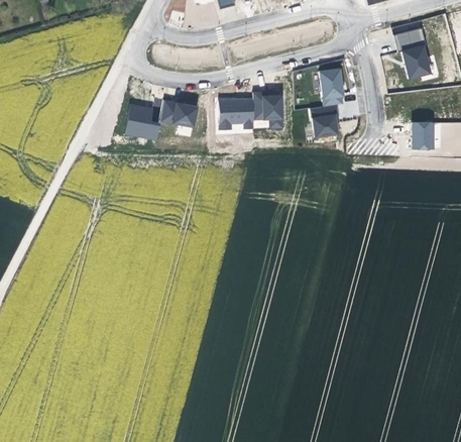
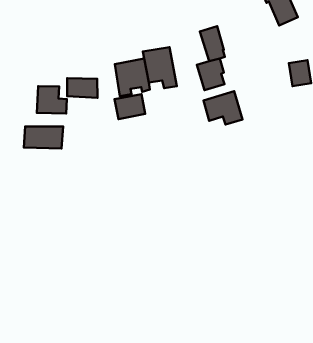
building: none -> [115,94,145,119]
building: none -> [204,91,242,124]
building: none -> [24,127,63,149]

